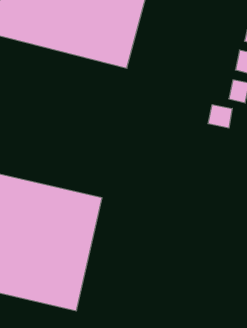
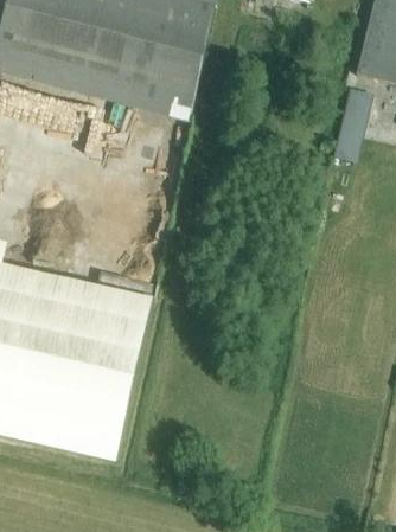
building: [208,105,232,128] -> none

